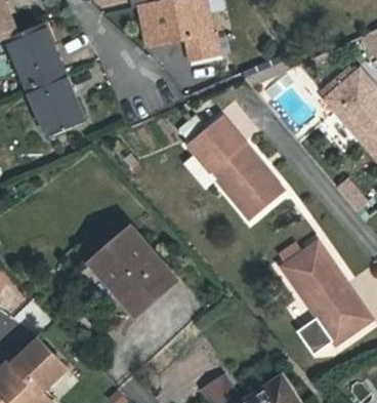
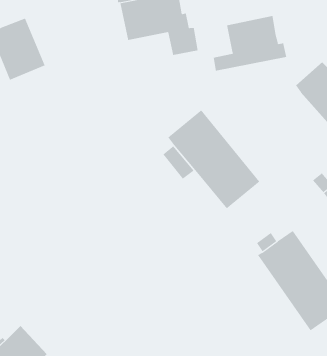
building: none -> [213,15,287,72]
building: [27,72,84,137] -> none
building: [92,229,173,311] -> none

